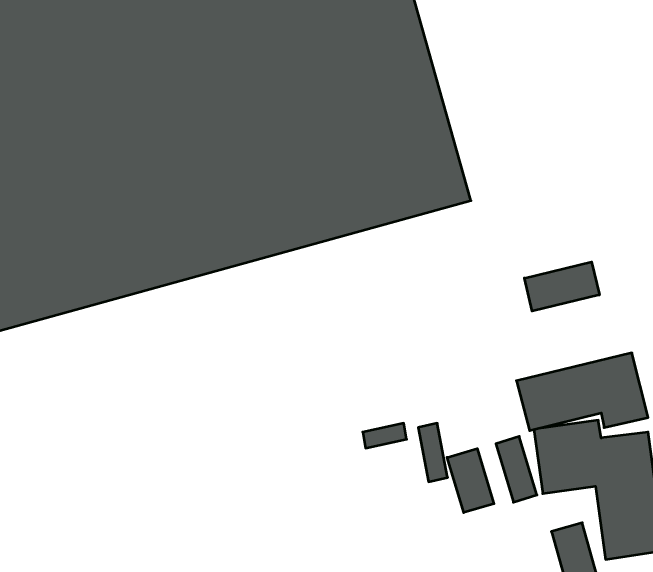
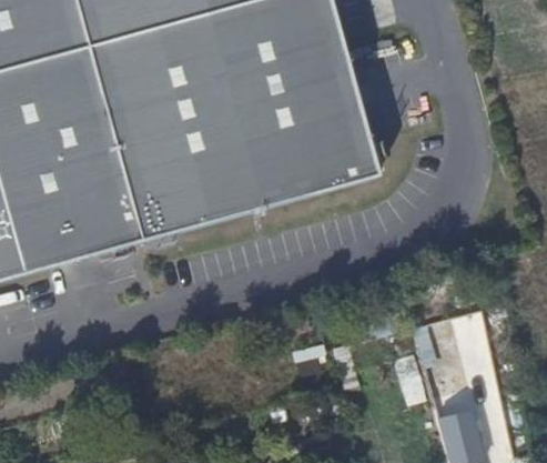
building: [524,262,599,311] -> none
building: [447,449,494,513] -> none

